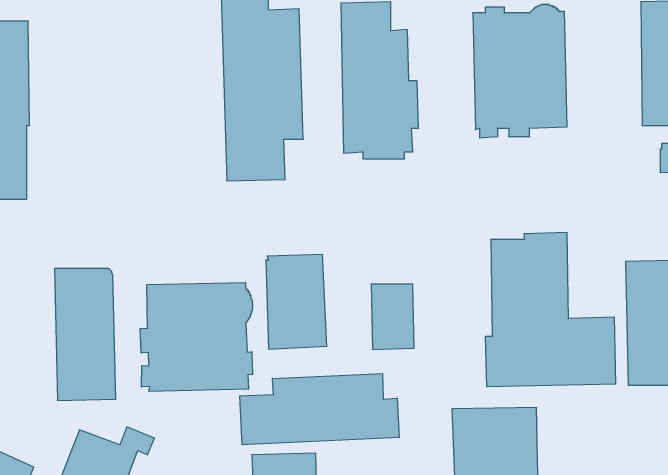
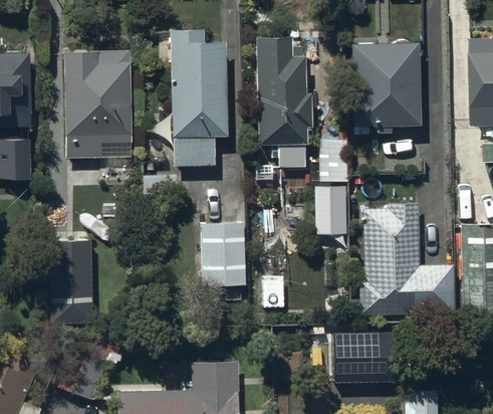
building: none -> [63,52,132,160]
building: [140,282,253,391] -> none
building: [371,284,414,349] -> [315,183,346,230]
building: [240,374,399,445] -> none

